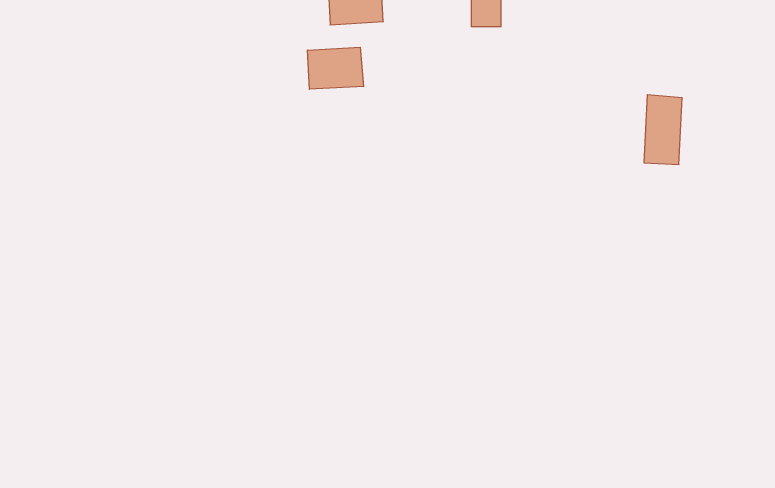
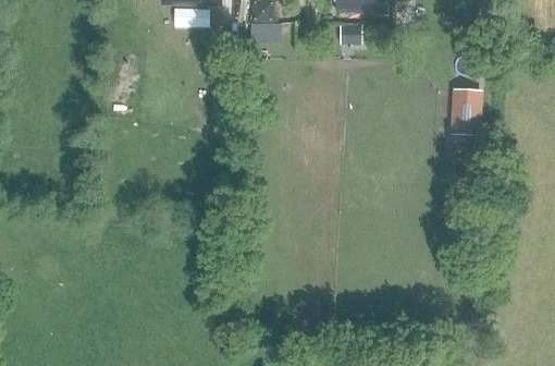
building: [308,47,363,89] -> none

